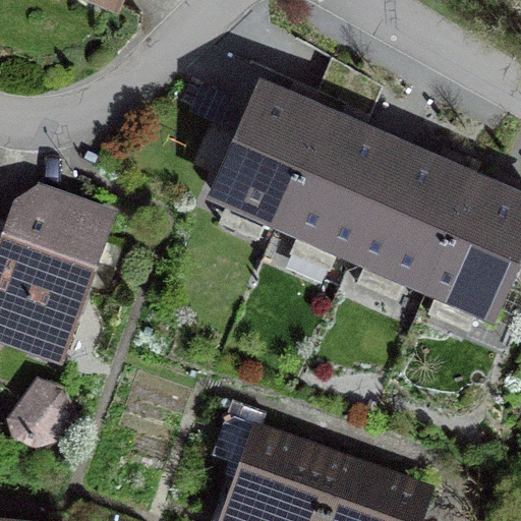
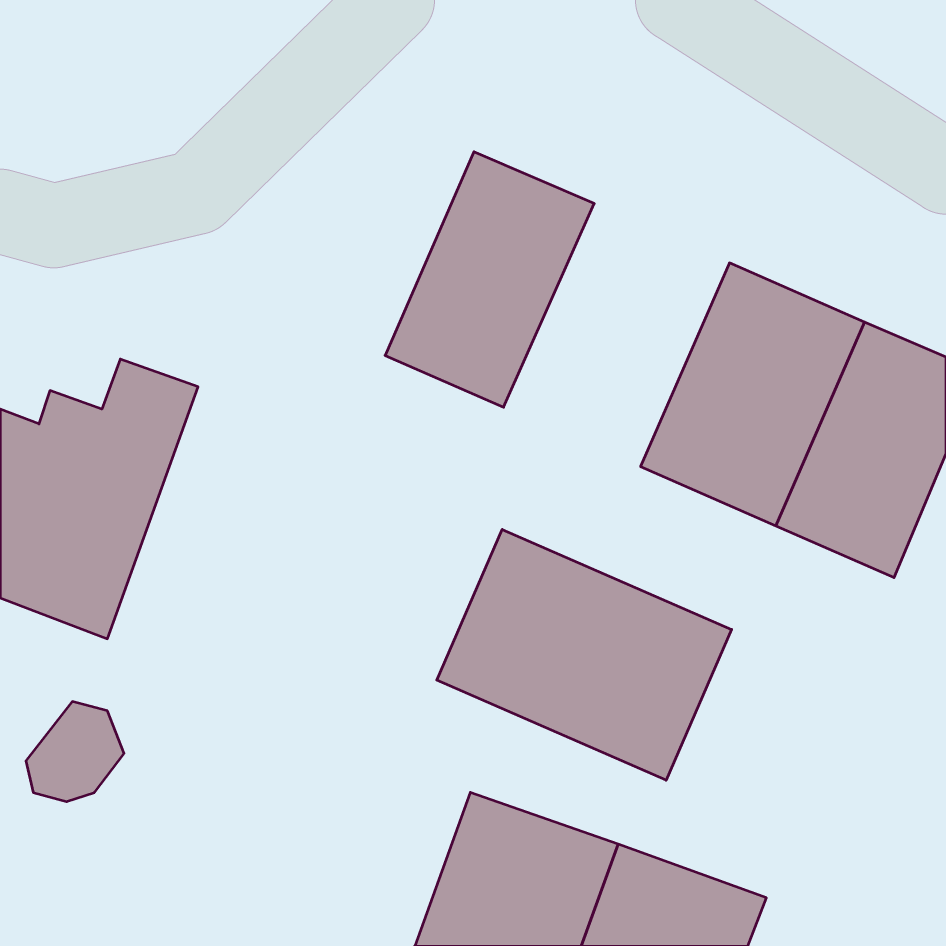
building: [277,112,401,256] -> none
building: none -> [437,529,732,780]

